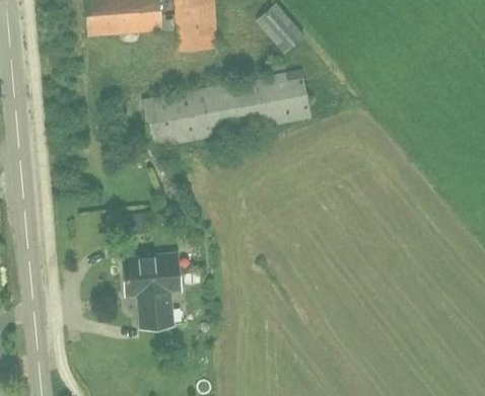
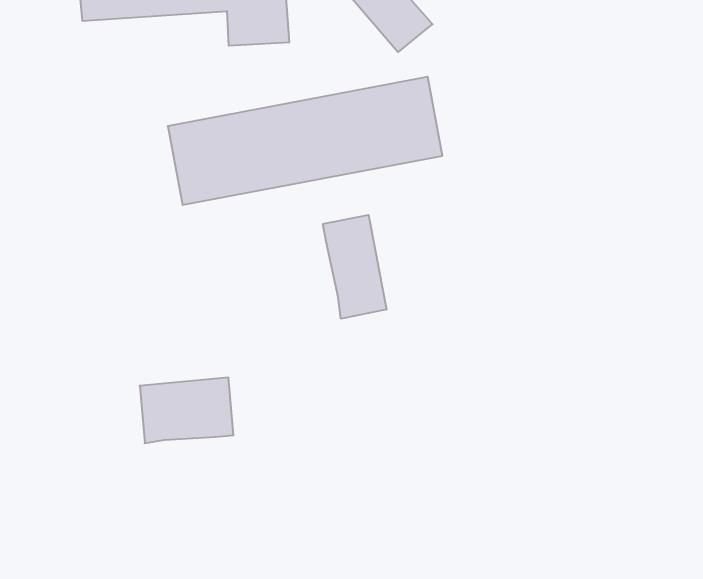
building: none -> [323,215,387,319]
building: [138,291,172,327] -> none

